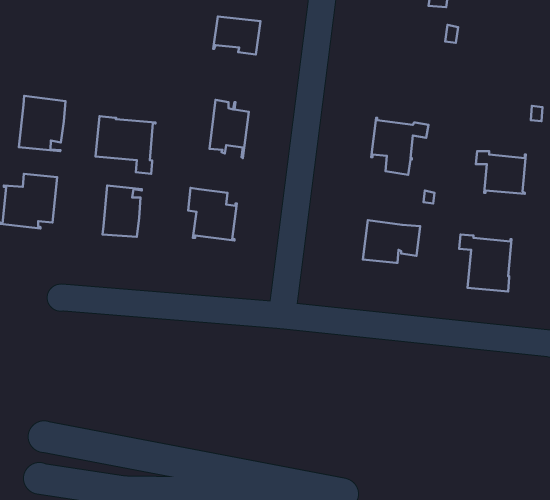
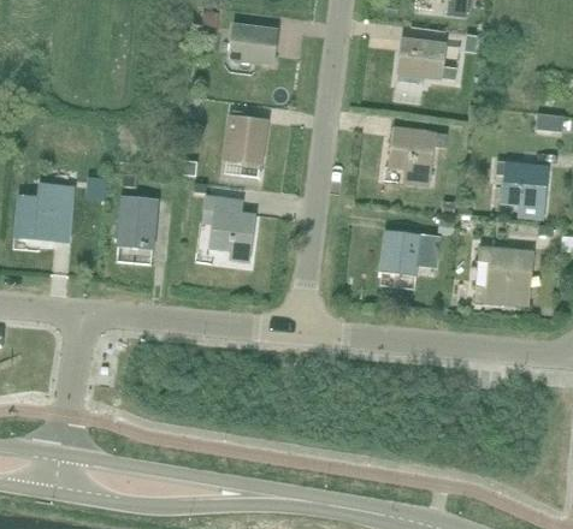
building: none -> [397,38,456,79]
building: [19,96,65,151] -> none
building: [96,116,156,174] -> none

